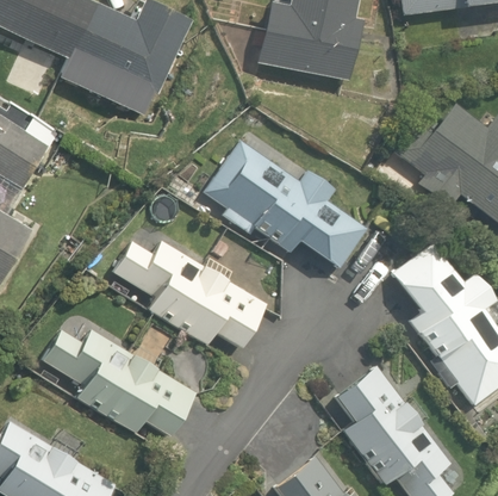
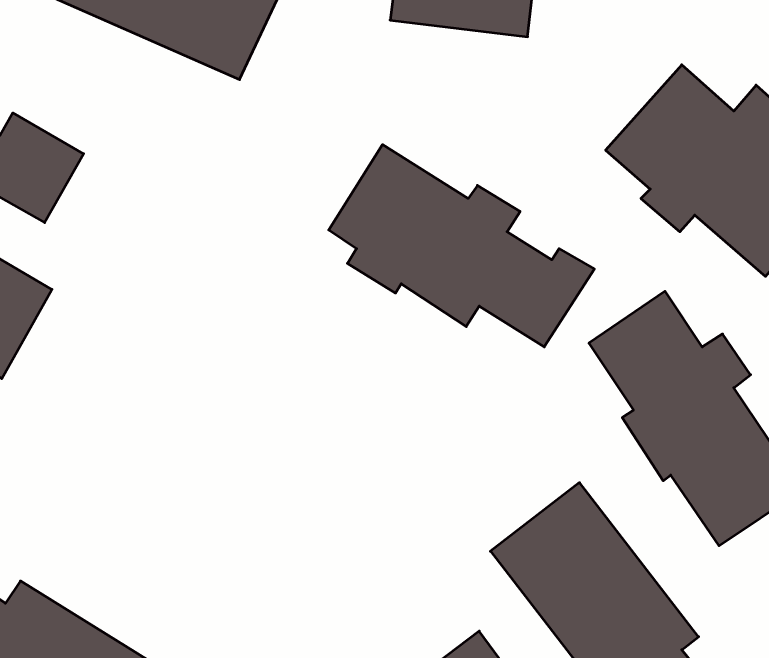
building: [116,241,281,356] -> none
building: [46,326,204,444] -> none

